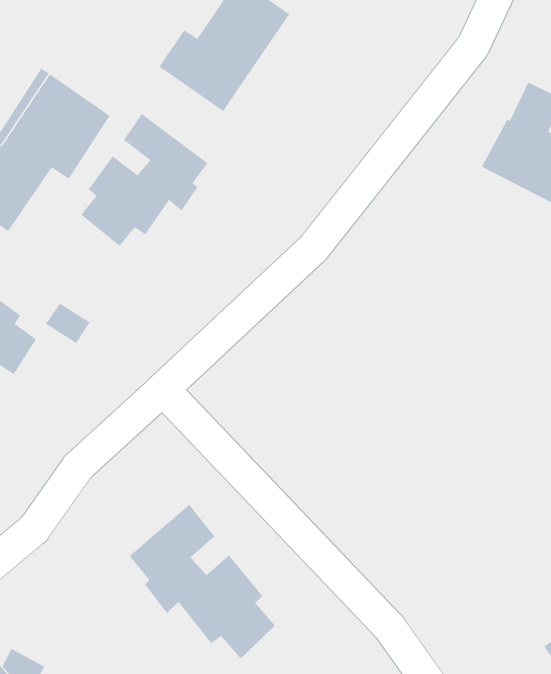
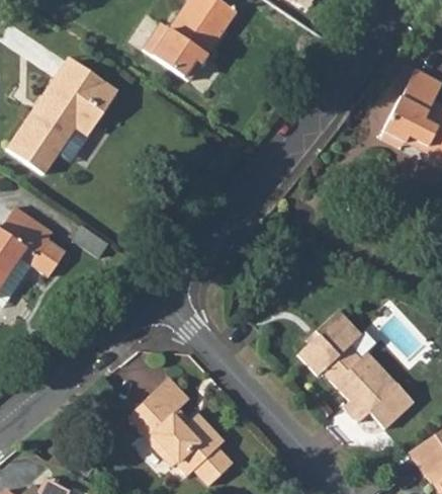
building: [81,113,208,247] -> none
building: none -> [301,306,415,426]

